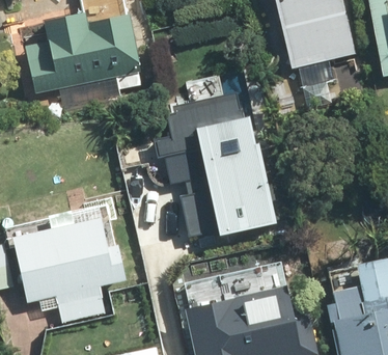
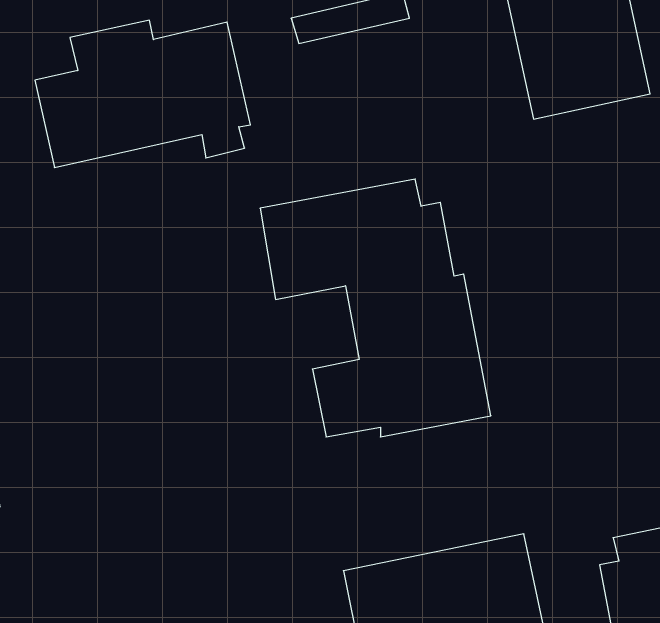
building: [15,219,126,323] -> none

